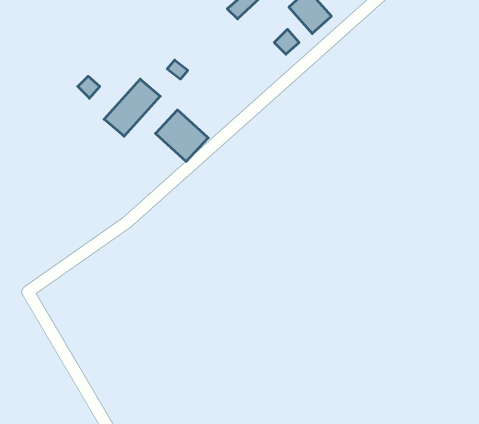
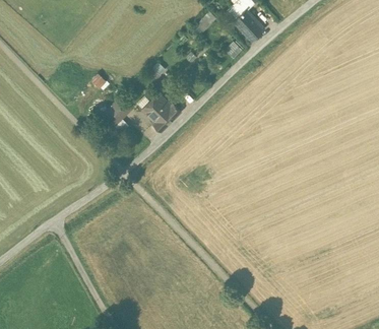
building: [104,79,160,136] -> none

